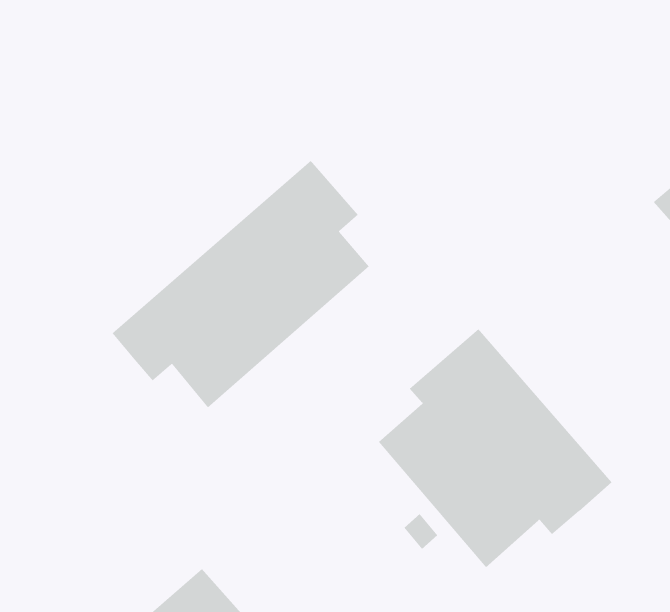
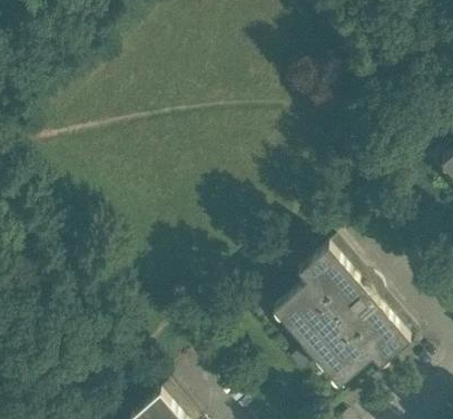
building: [111,160,370,409] -> none

